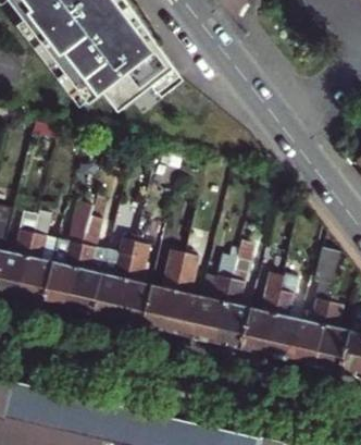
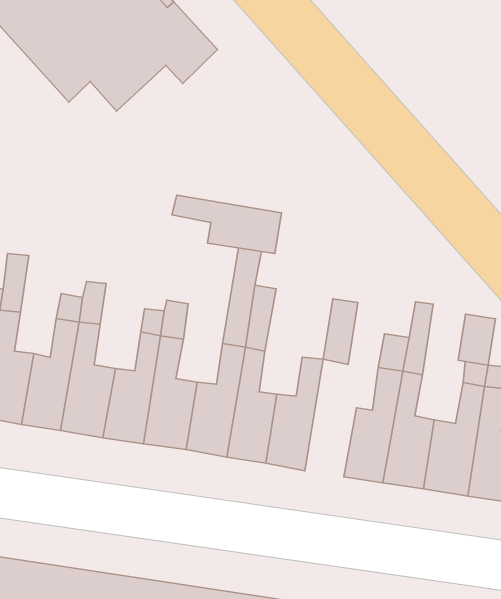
building: none -> [172,195,281,254]
building: [216,275,251,349] -> none

